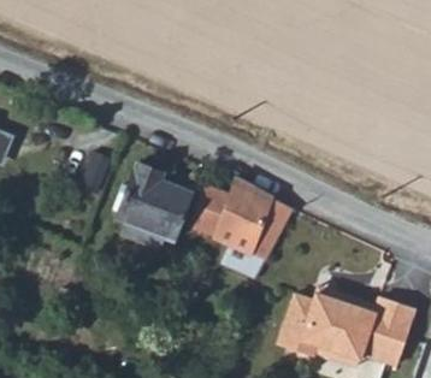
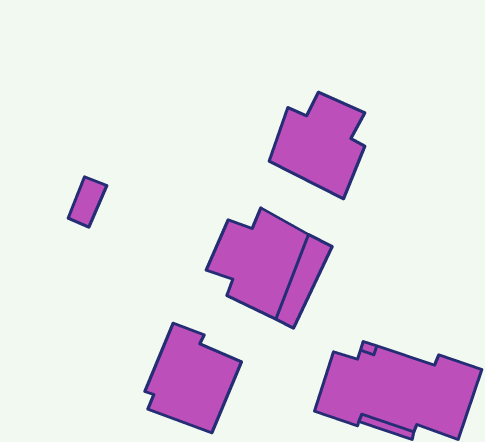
building: none -> [269,92,365,199]
building: [114,164,193,253] -> [145,323,241,433]

